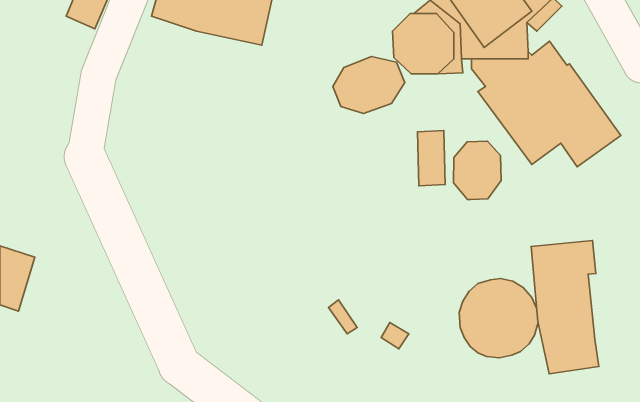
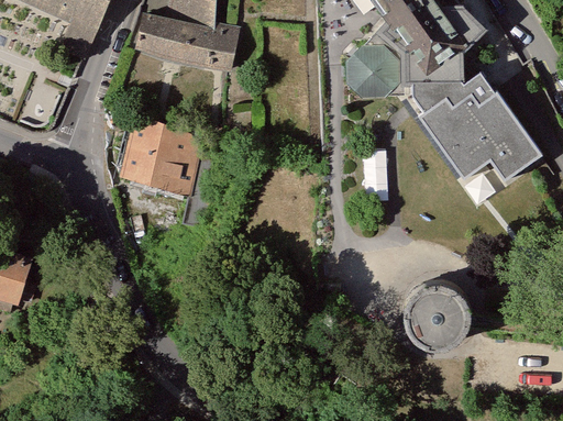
building: [333,57,405,113] -> none
building: none -> [119,114,206,200]
building: [454,141,501,199] -> none
building: [531,240,599,374] -> none

